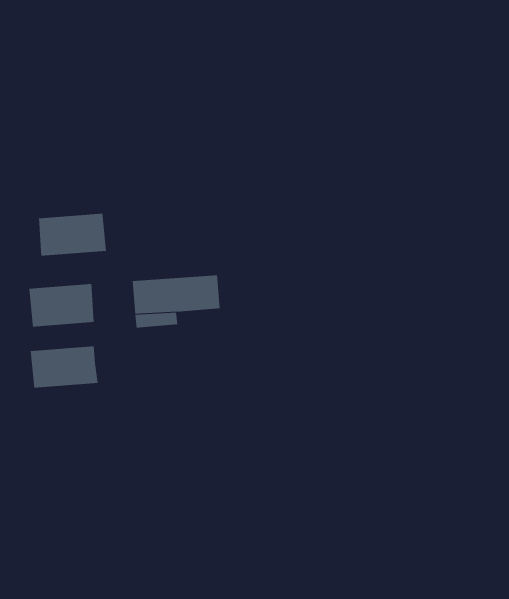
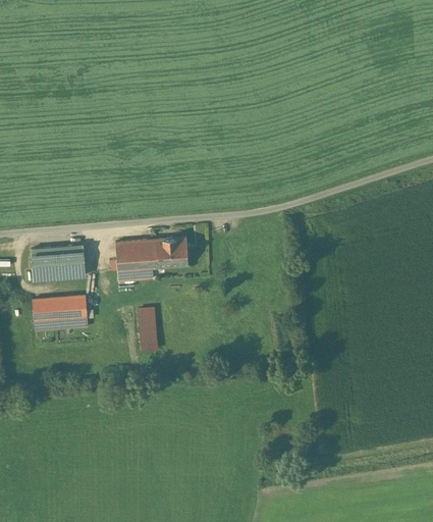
building: [38,213,106,257] -> none
building: none -> [139,308,155,341]

